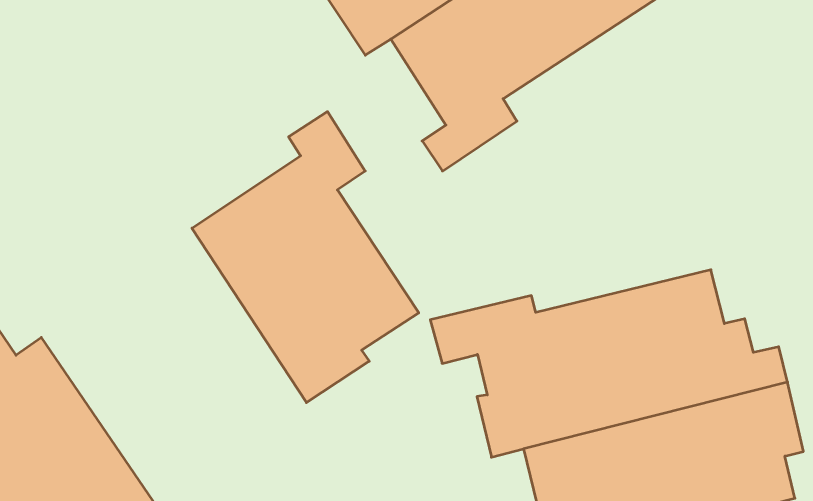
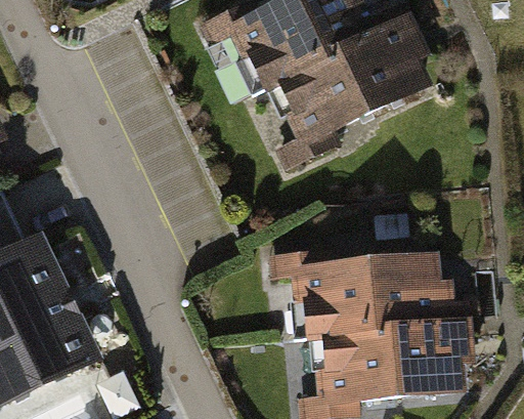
building: [192,112,419,403] -> none

